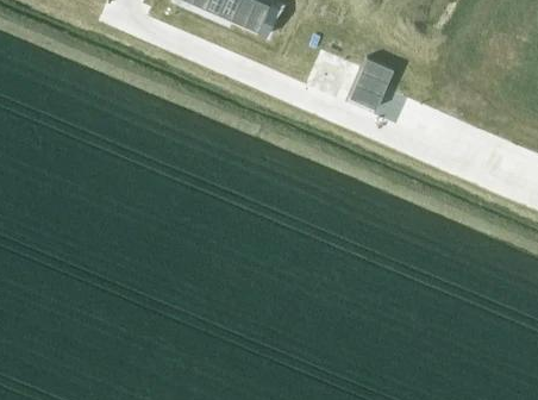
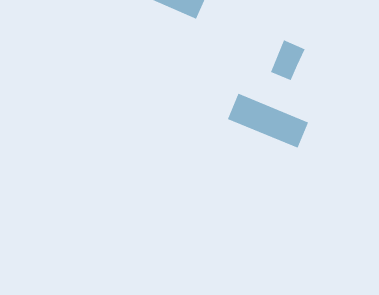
building: none -> [227,93,309,149]

